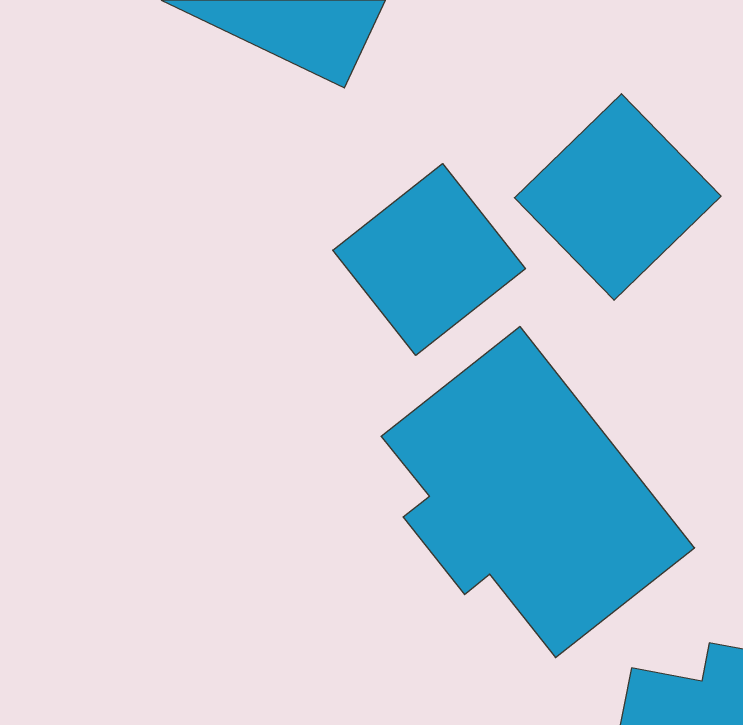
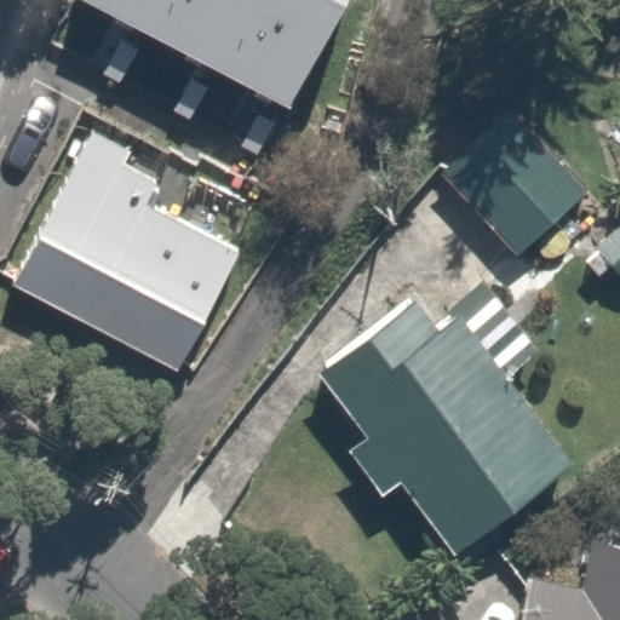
building: none -> [16,140,243,363]
building: [333,164,525,355] -> none

